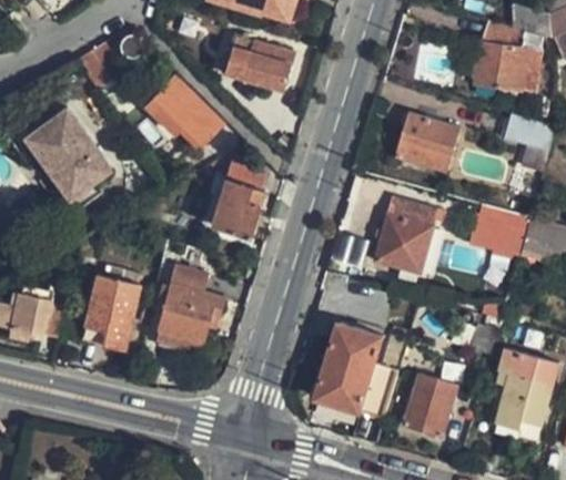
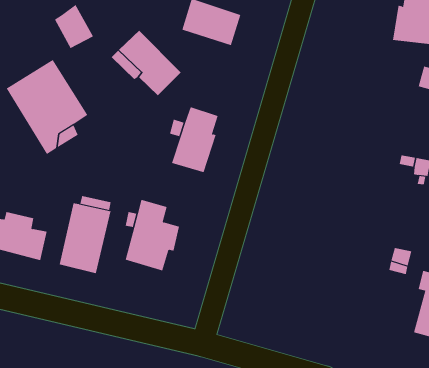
building: [396,115,459,175] -> none
building: [374,200,436,276] -> none
building: [315,324,392,420] -> none
building: [398,374,454,438] -> none

